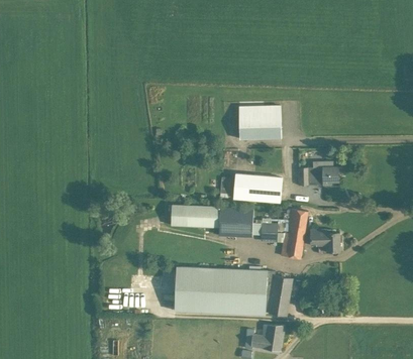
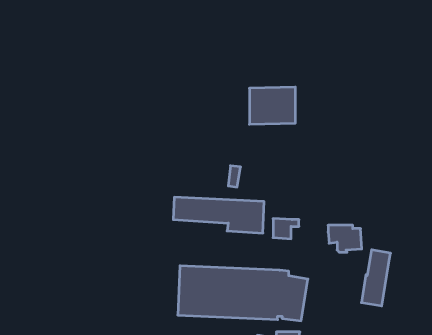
building: [234,167,282,196] -> none
building: [299,167,338,186] -> none
building: [282,209,308,259] -> [361,250,391,306]

